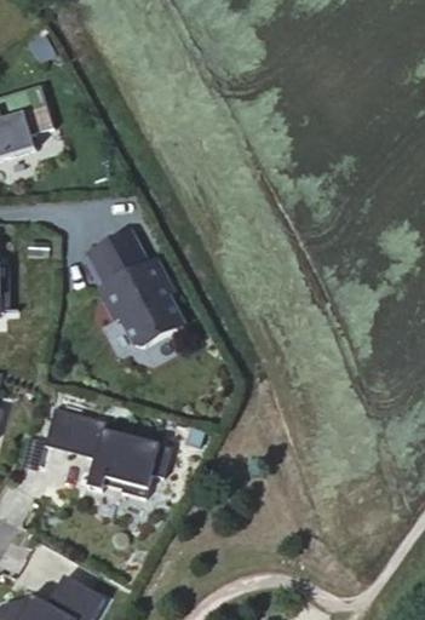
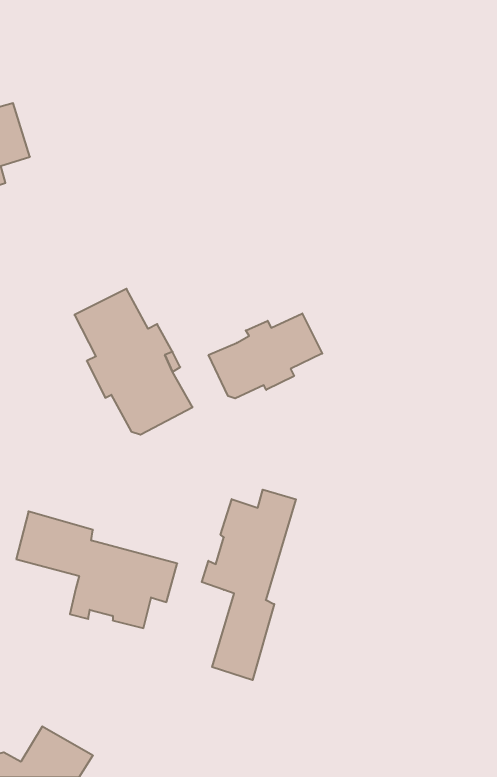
building: none -> [209,313,322,398]
building: none -> [202,490,296,680]

